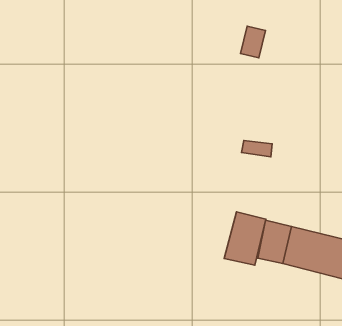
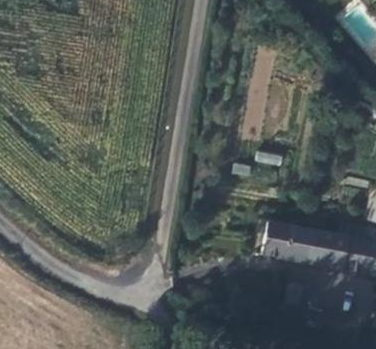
building: [224,212,266,265] -> none

